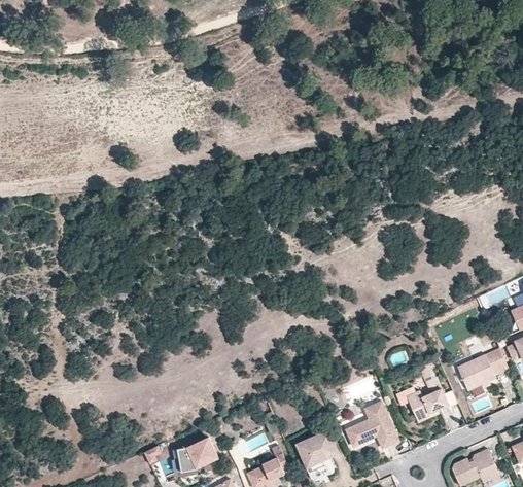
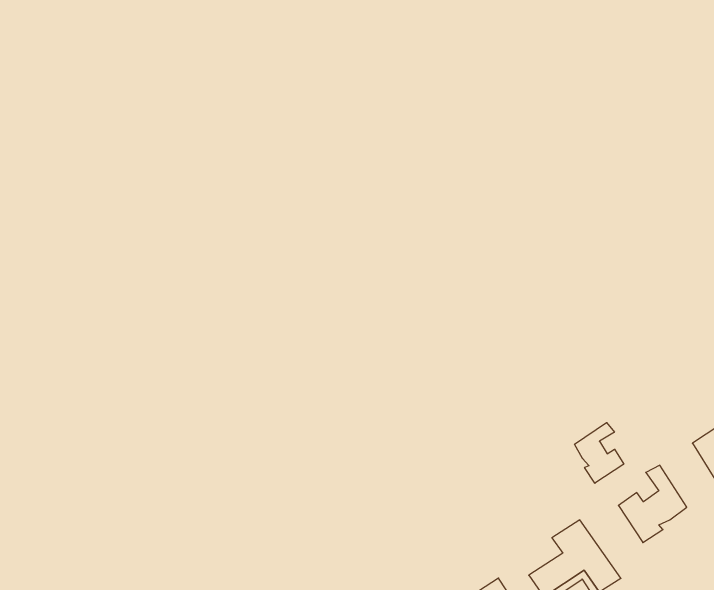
building: none -> [575,423,624,483]

